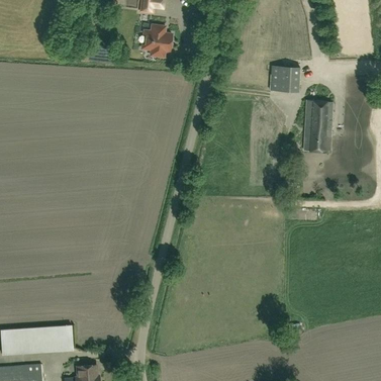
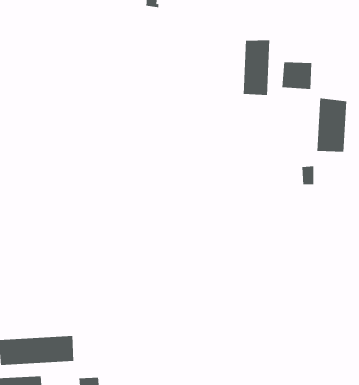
building: [146,24,172,57] -> none
building: none -> [243,39,270,96]

